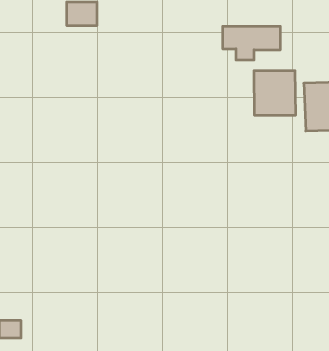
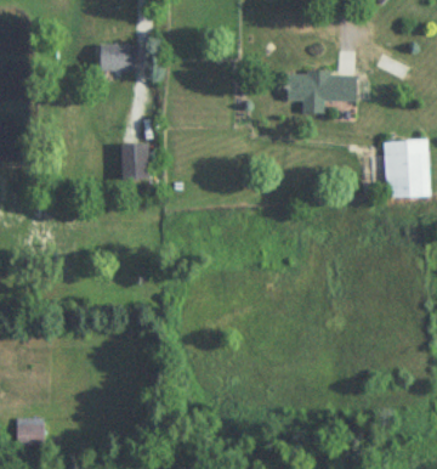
building: [254,71,295,115] -> none
building: none -> [121,143,148,180]

